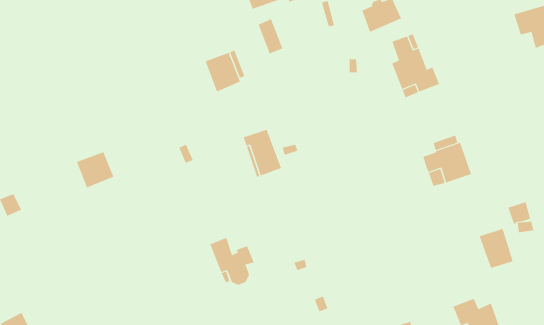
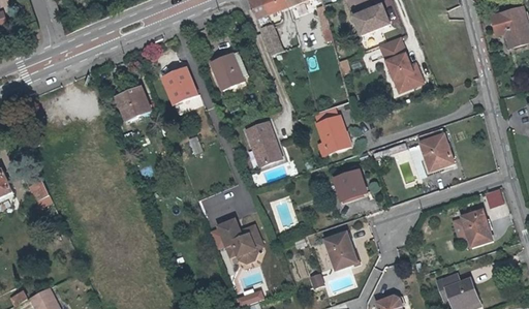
building: none -> [163,67,198,103]
building: none -> [313,109,346,154]
building: [76,151,114,188] -> [117,87,151,120]
building: none -> [333,169,365,198]
building: none -> [325,230,354,268]

